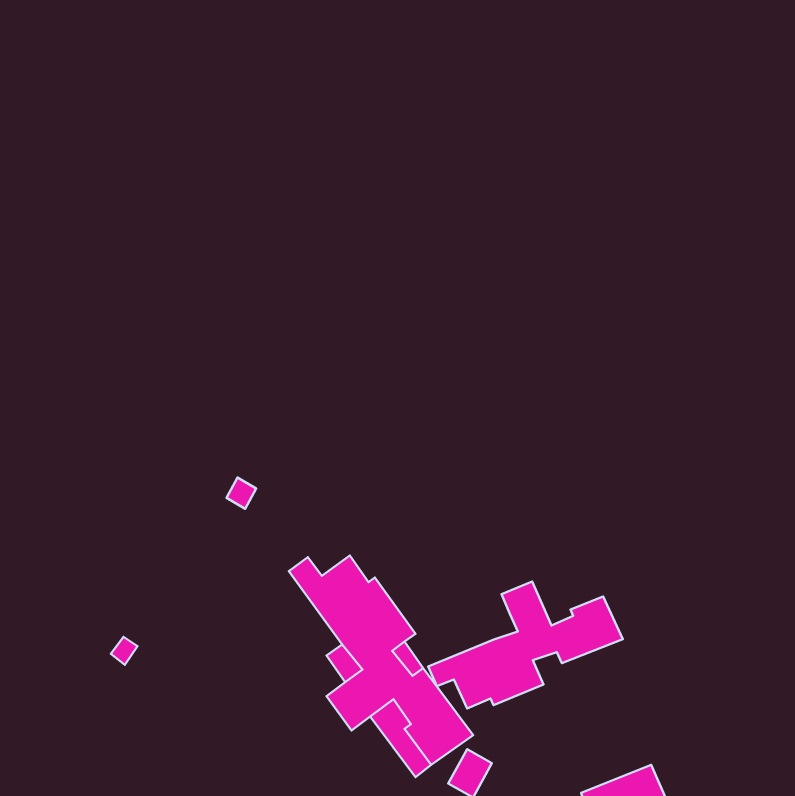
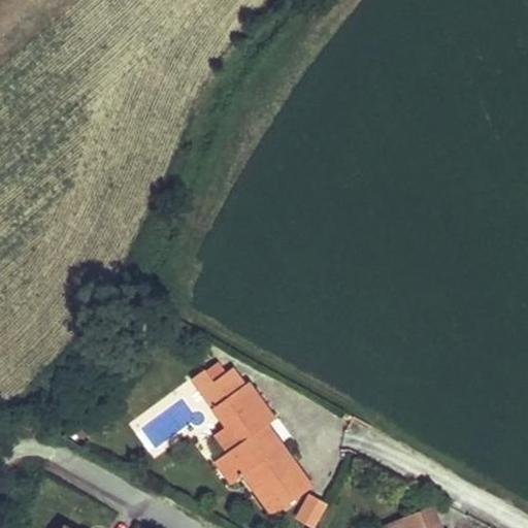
building: [428,582,623,709] -> none

